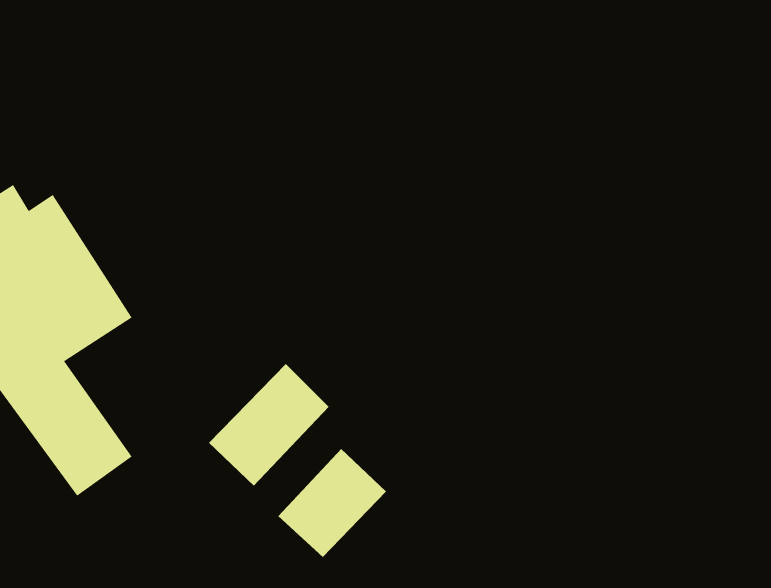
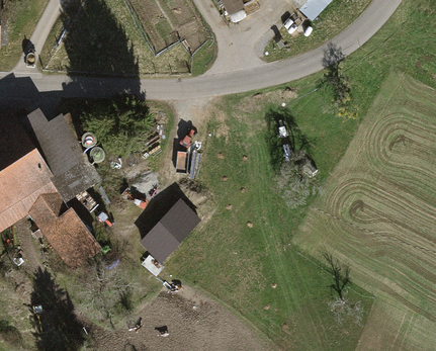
building: [278,448,387,558] -> none

